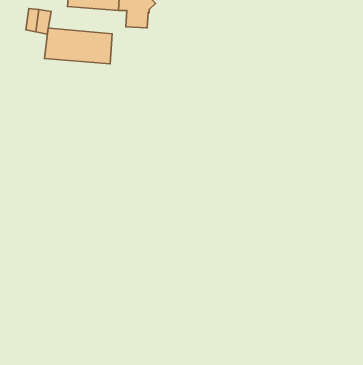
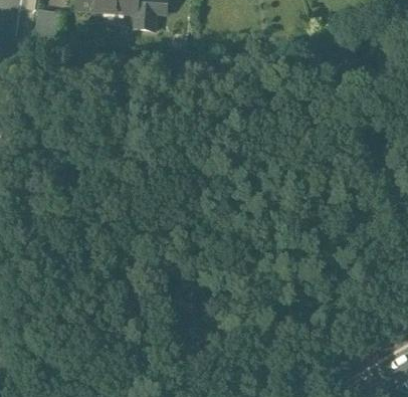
building: [45,28,112,64] -> none

